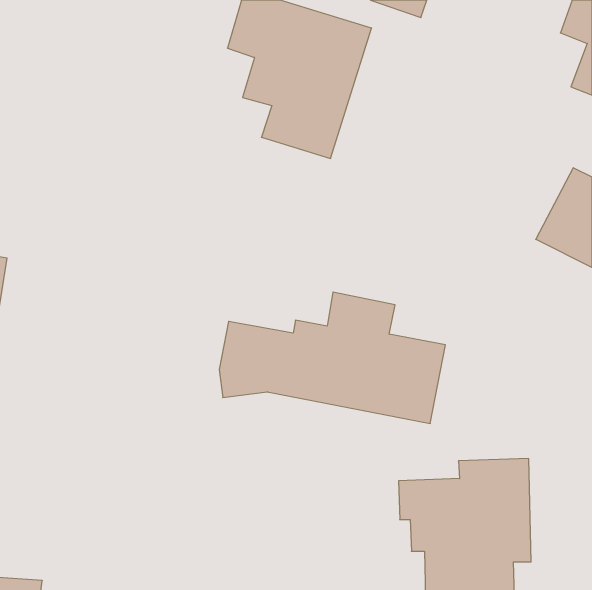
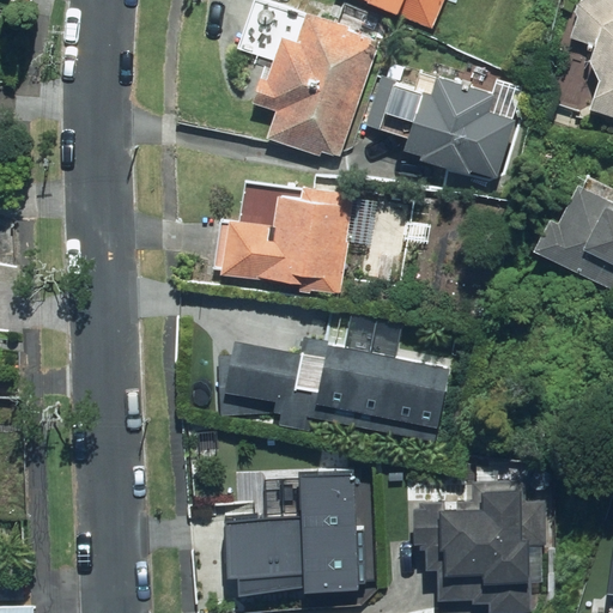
building: none -> [363,67,521,182]
building: none -> [220,193,348,292]
building: none -> [229,471,360,601]

